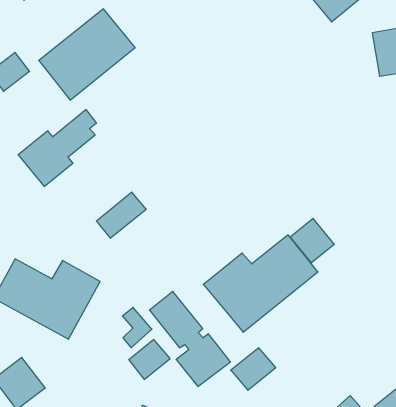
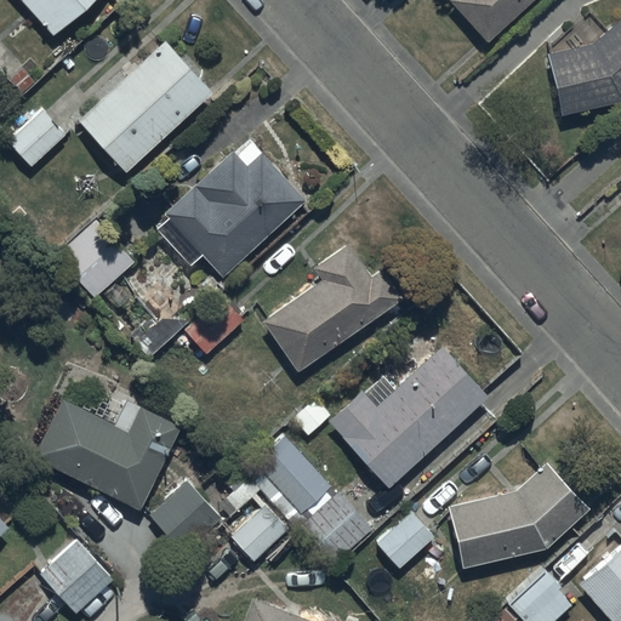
building: none -> [166,141,304,278]
building: none -> [262,243,394,374]
building: [290,218,334,263] -> none
building: none -> [153,483,220,551]
building: none -> [449,465,588,568]

